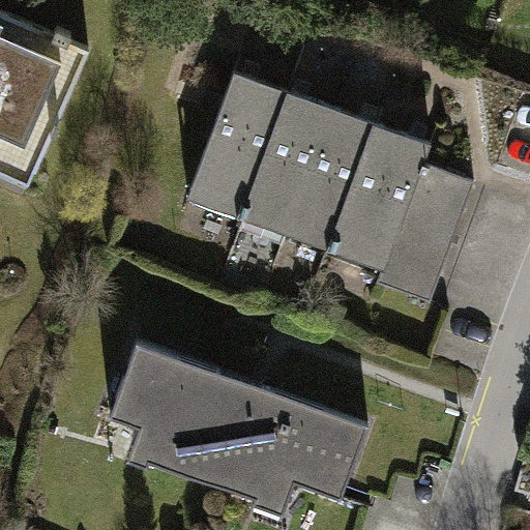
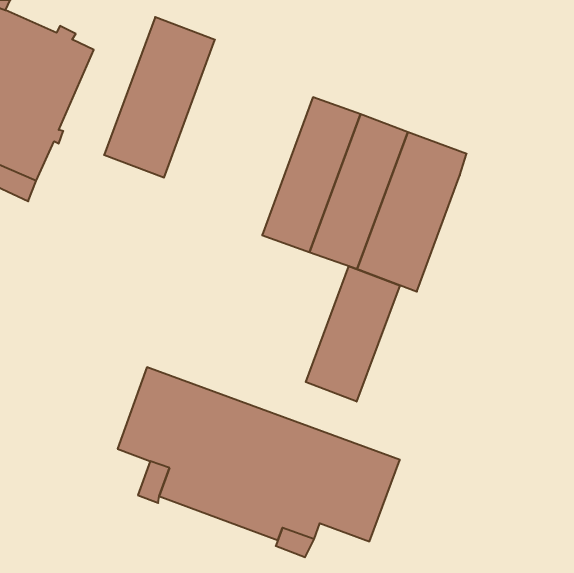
building: [185,72,287,219] -> [104,17,215,178]
building: [376,165,472,303] -> none
building: none -> [306,266,400,402]

